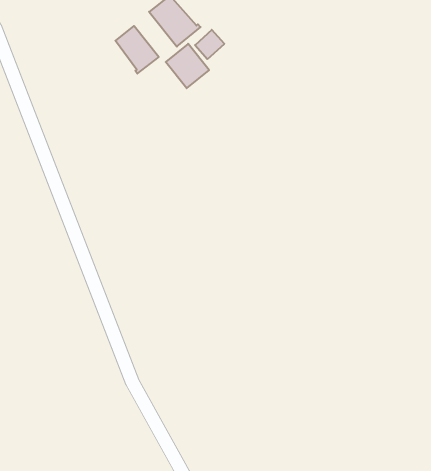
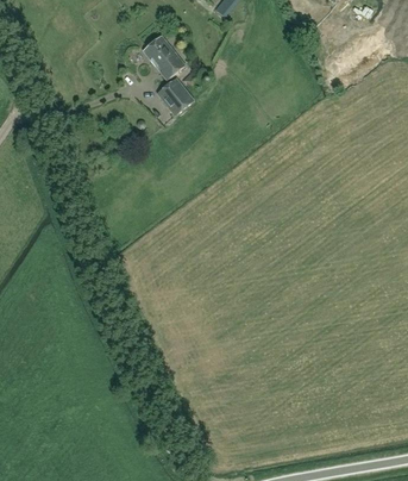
building: [115,26,159,74] -> none

